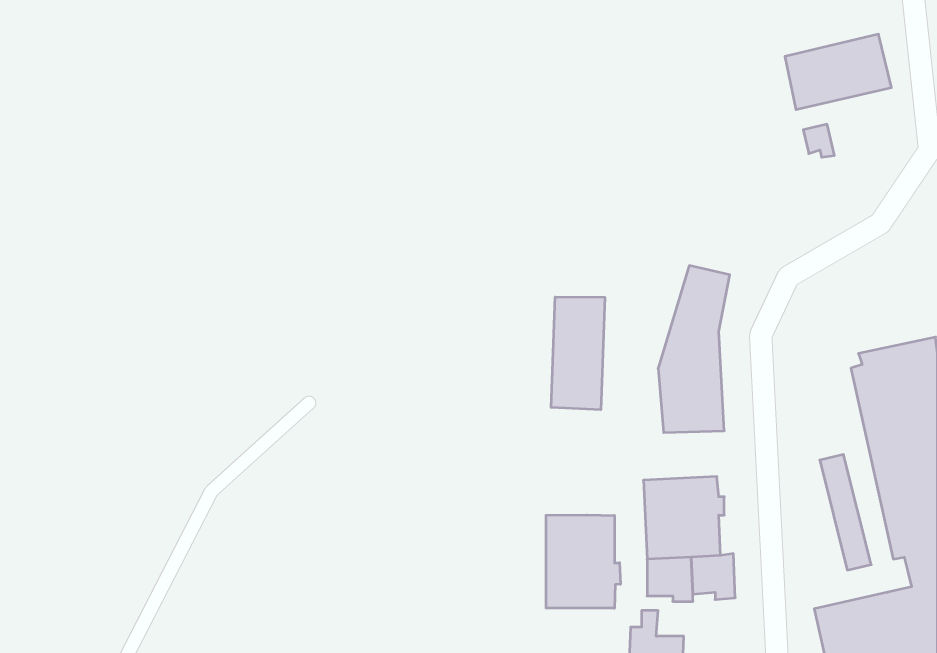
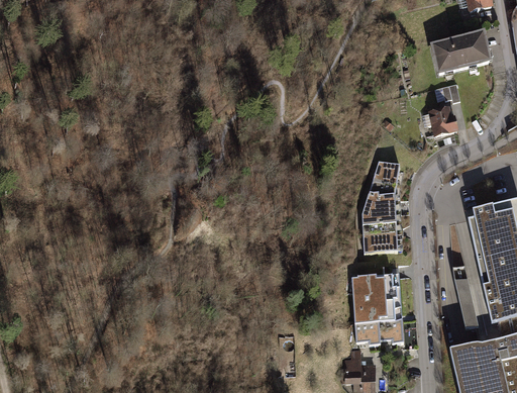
building: none -> [428,105,457,134]
building: [551,297,605,410] -> none
building: [546,515,620,608] -> none

